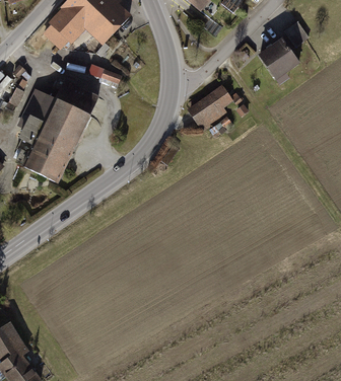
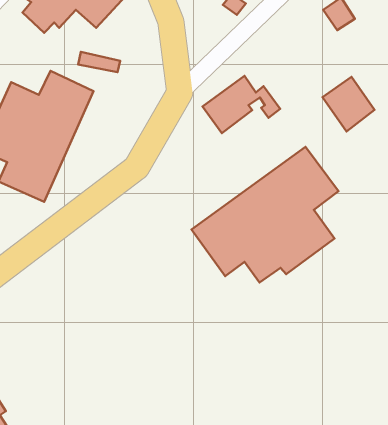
building: [258,36,299,80] -> [322,77,375,131]
building: none -> [191,147,339,283]

